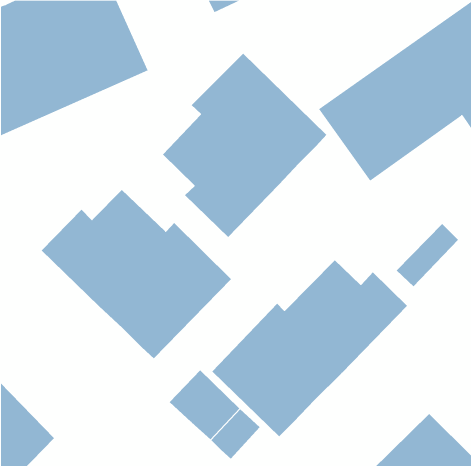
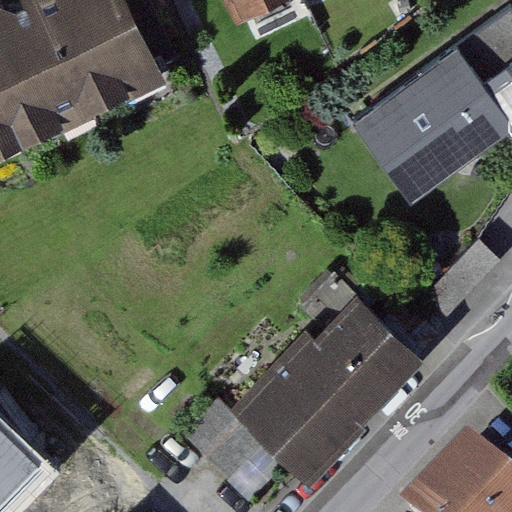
building: [162,53,327,238] -> none
building: [41,189,232,359] -> none

